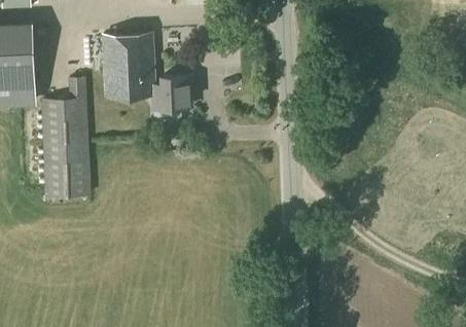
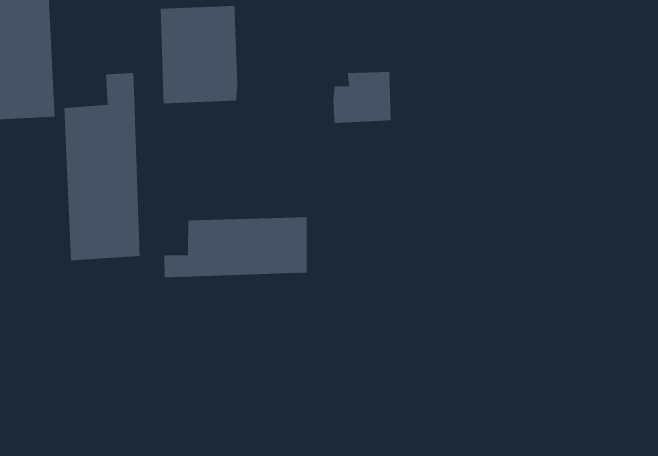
building: [152,76,190,110] -> [332,71,392,124]
building: none -> [163,217,308,278]

